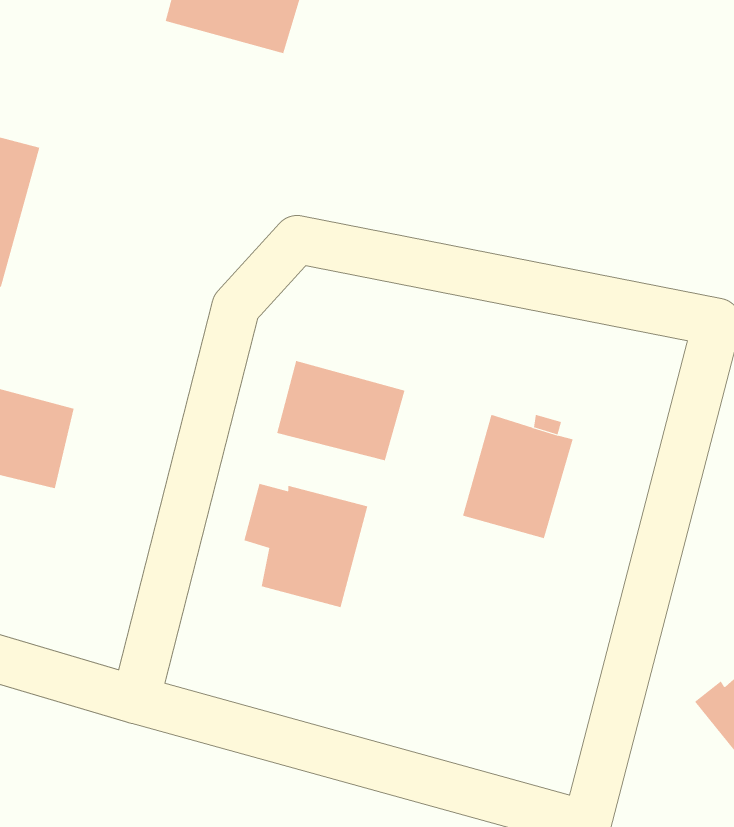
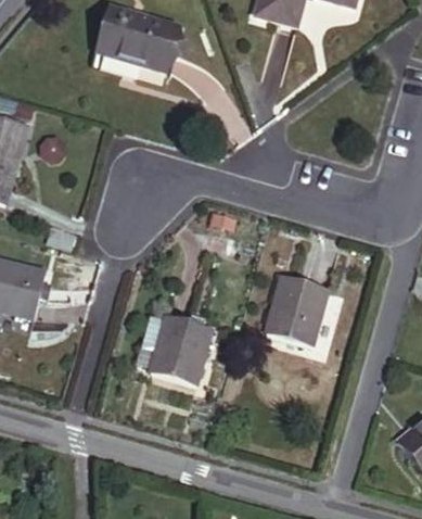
building: [276,360,405,461] -> none

